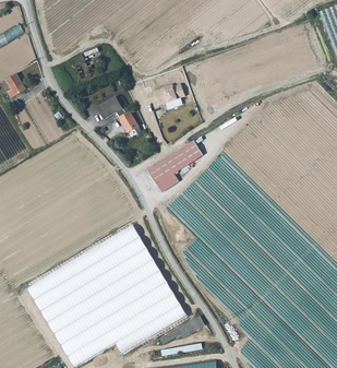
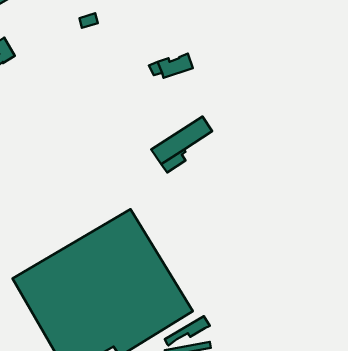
building: [97,96,139,131] -> none

